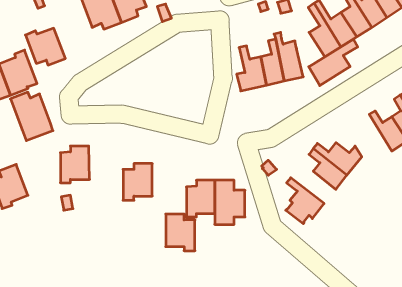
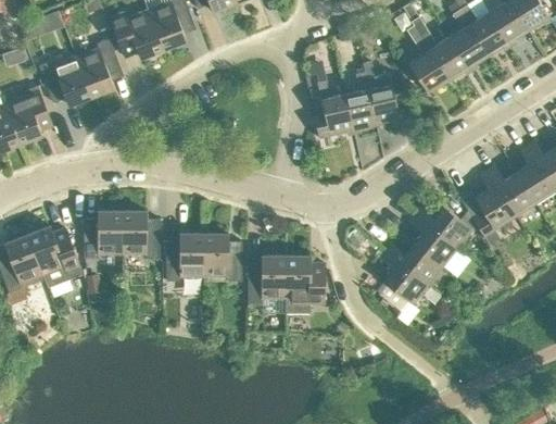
building: none -> [76,38,124,96]
building: [309,39,358,86] -> none
building: [10,92,53,141] -> [27,225,83,288]
building: none -> [457,169,516,236]
building: none -> [122,210,160,258]
building: none -> [384,242,443,285]
building: [166,214,195,251] -> [204,233,242,280]

